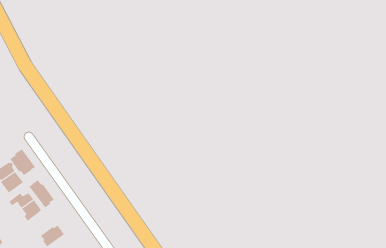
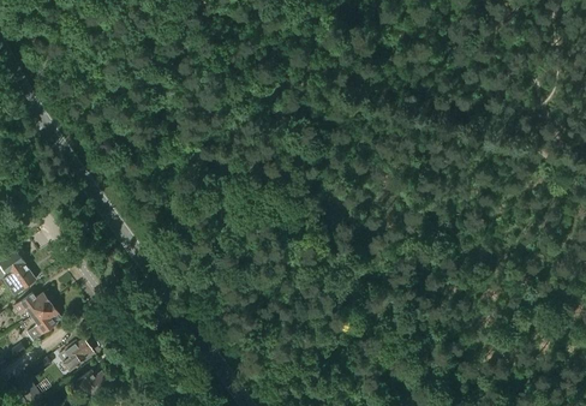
building: [9,148,36,176] -> none
building: [28,179,55,208] -> none

